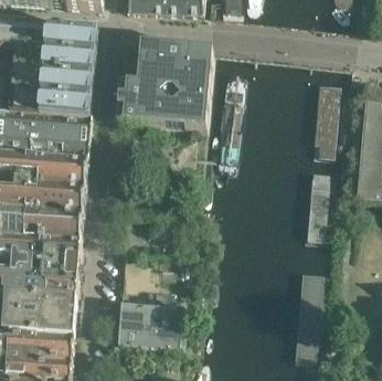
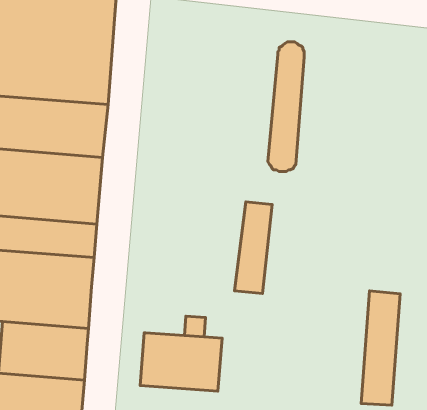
building: [117,46,212,130] -> none
building: [312,80,340,157] -> none
building: [305,170,335,243] -> [235,202,272,294]

